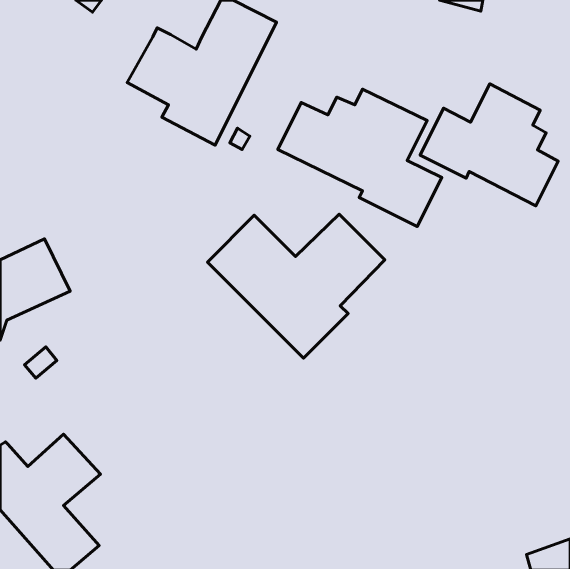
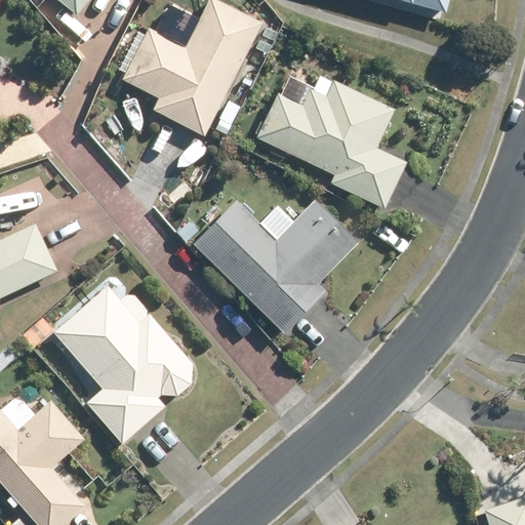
building: [420,84,558,206] -> none
building: none -> [60,286,199,440]

